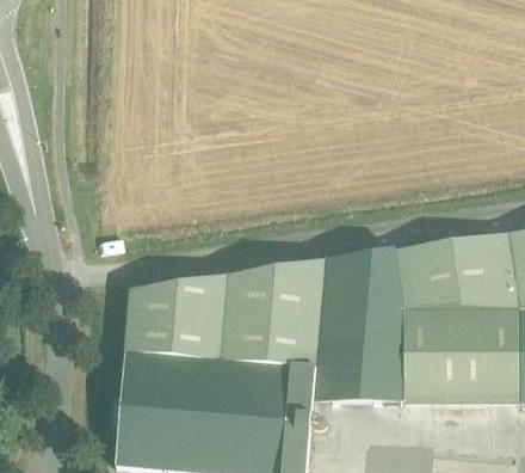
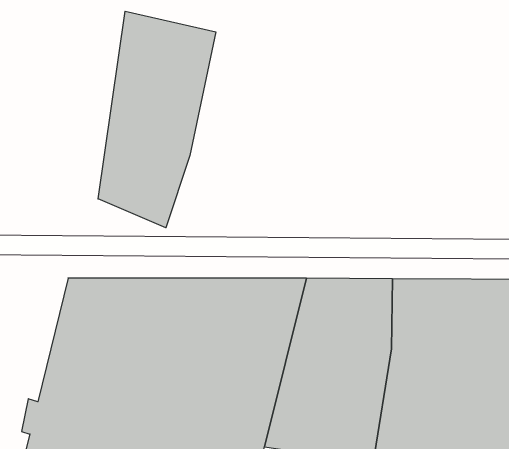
building: none -> [98,11,216,228]

